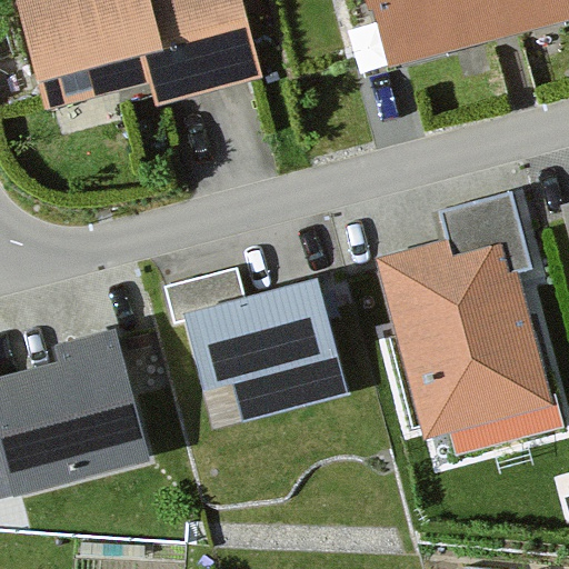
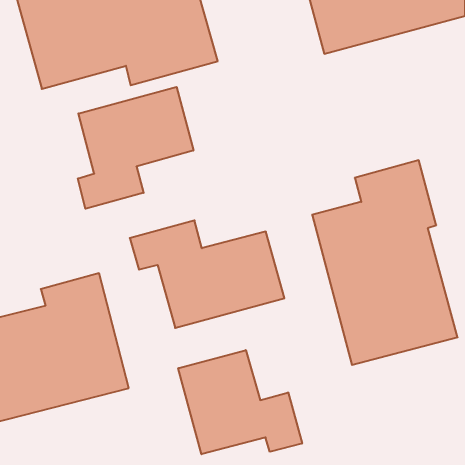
building: none -> [78,87,193,209]
building: none -> [178,350,302,454]

